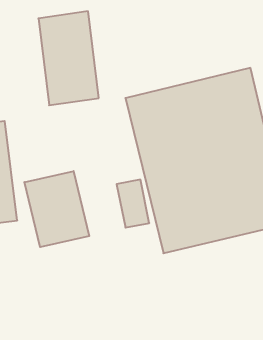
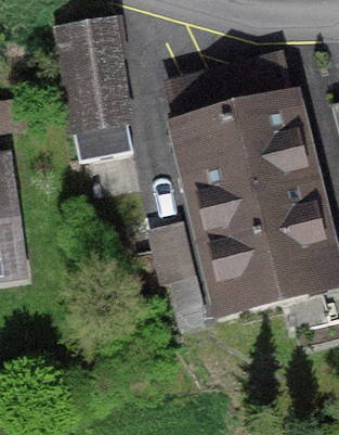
building: [24,171,89,247] -> none

